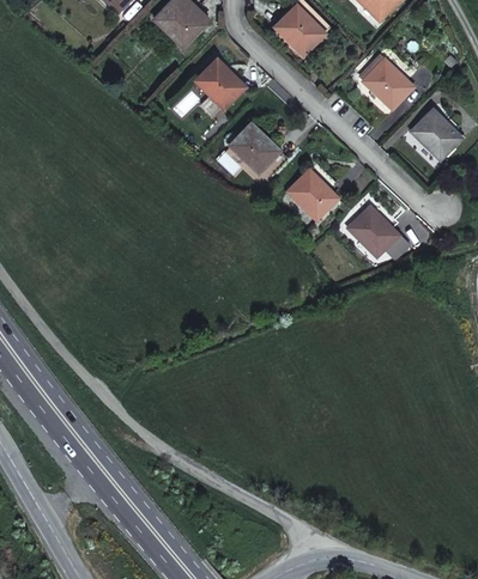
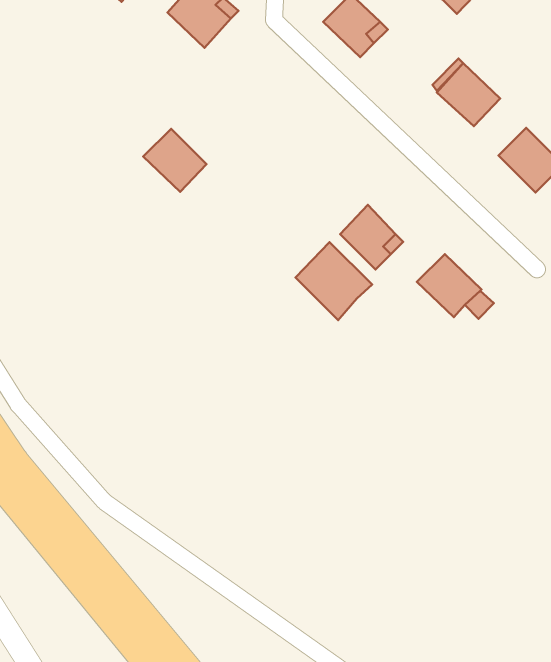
building: [196,59,246,108] -> [143,129,206,192]
building: [231,123,280,172] -> none
building: none -> [296,242,372,320]

